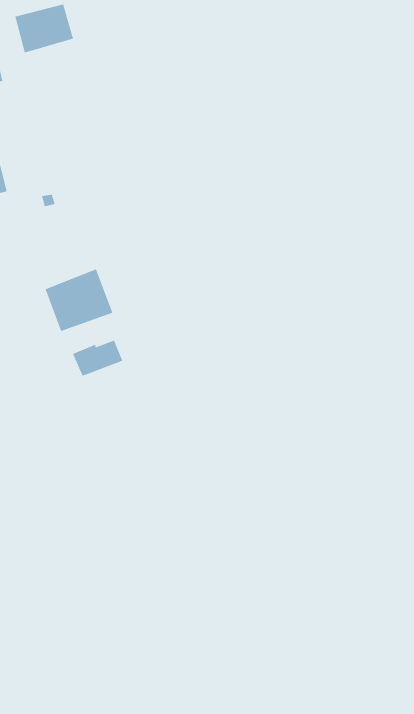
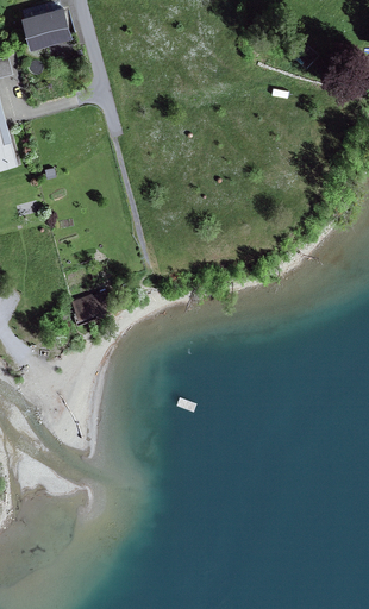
building: [45,269,113,332] -> none

